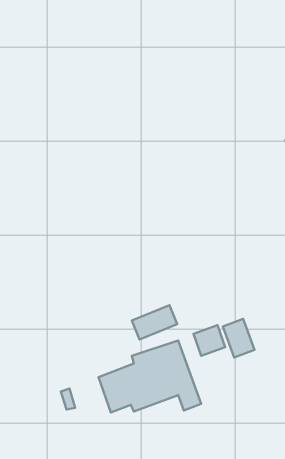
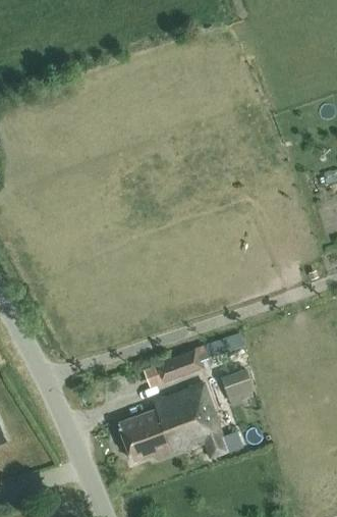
building: [223,319,254,358] -> none

